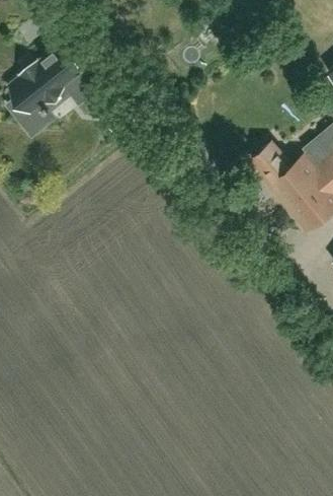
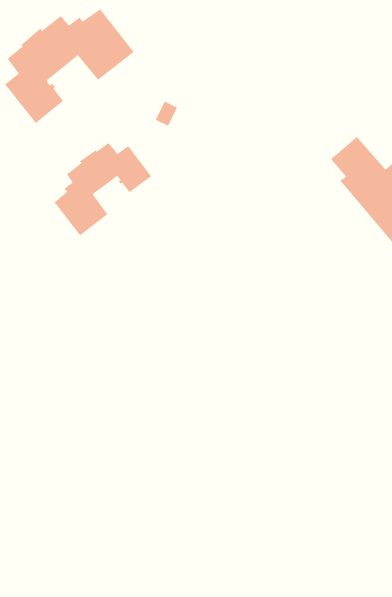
building: none -> [54,142,152,236]

